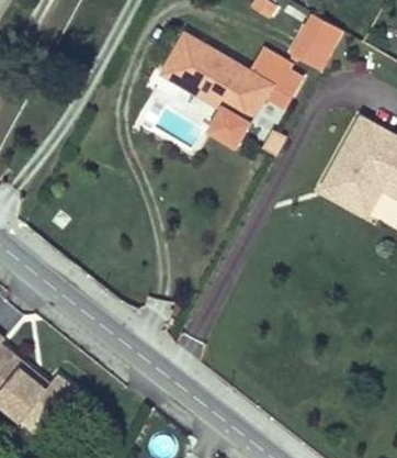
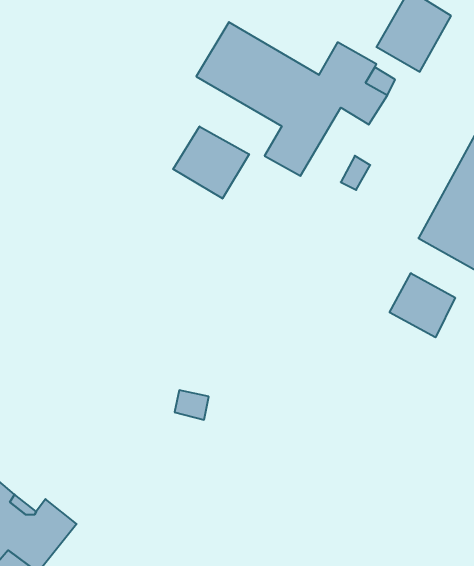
building: none -> [173,126,249,199]
building: none -> [390,273,455,337]

